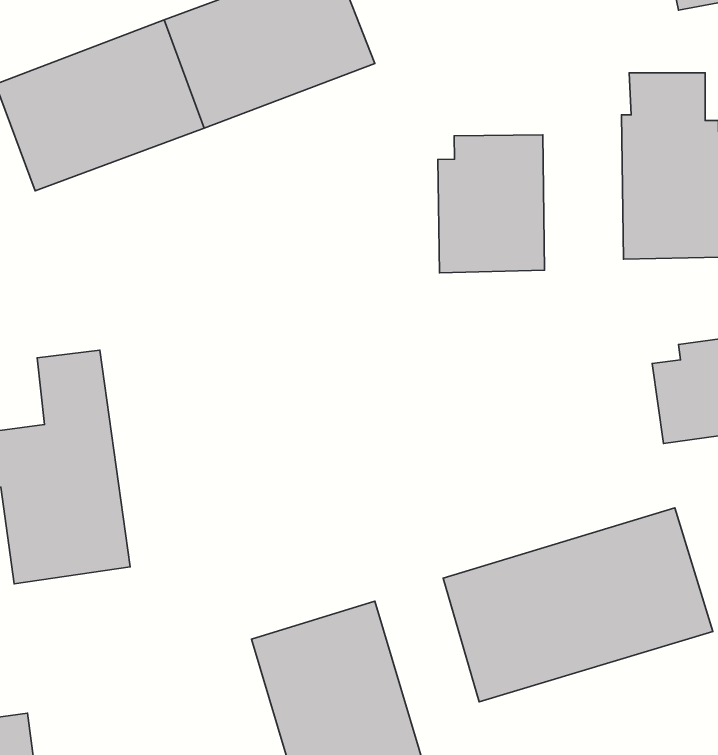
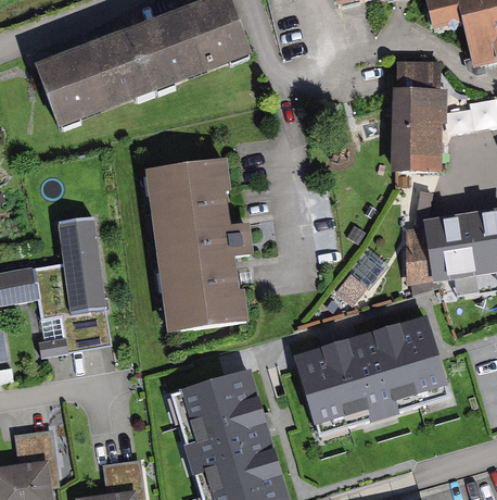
building: [438,135,545,273] -> none
building: none -> [146,162,254,333]

